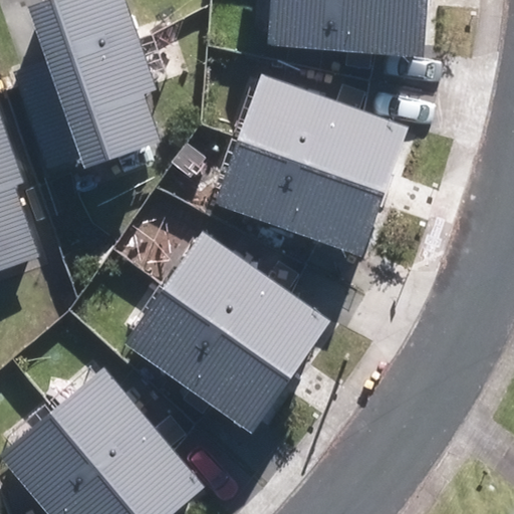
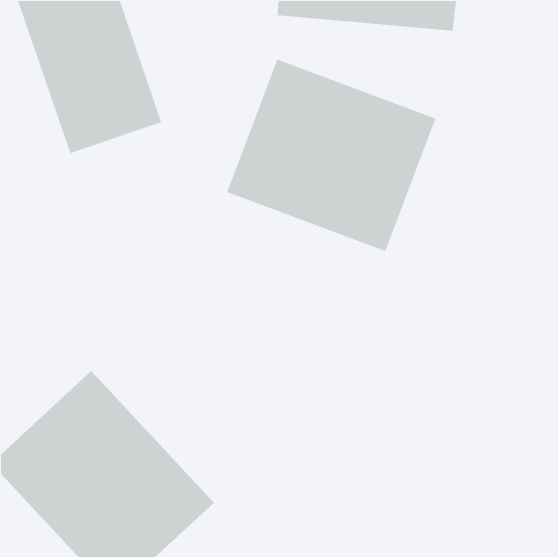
building: [130,222,324,411] -> none

